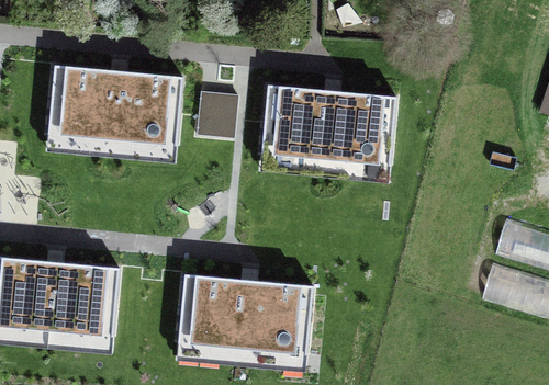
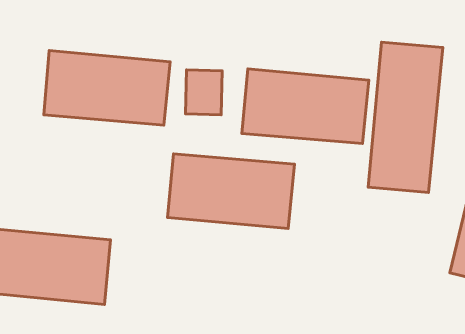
building: none -> [368,42,443,192]
building: [178,275,314,355] -> [167,154,294,229]

